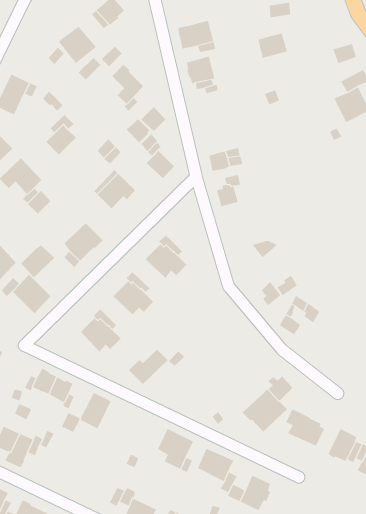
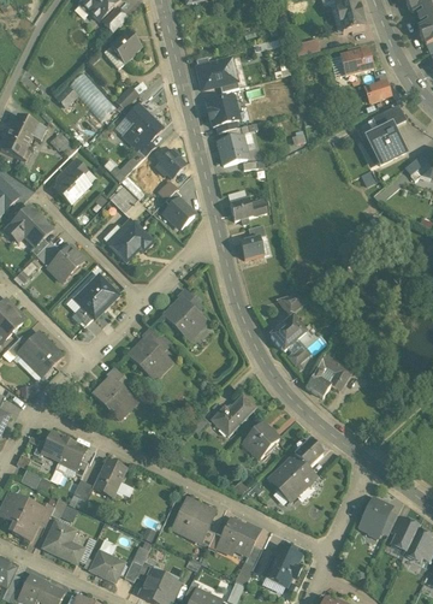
building: [258,33,288,58] -> [340,49,373,77]
building: none -> [218,135,249,164]
building: [21,244,55,278] -> [47,245,84,282]
building: none -> [271,316,306,350]
building: [128,349,168,385] -> [212,396,255,434]
building: none -> [245,421,279,457]
building: [286,409,325,447] -> none
building: none -> [42,520,82,562]
building: none -> [89,549,124,581]

